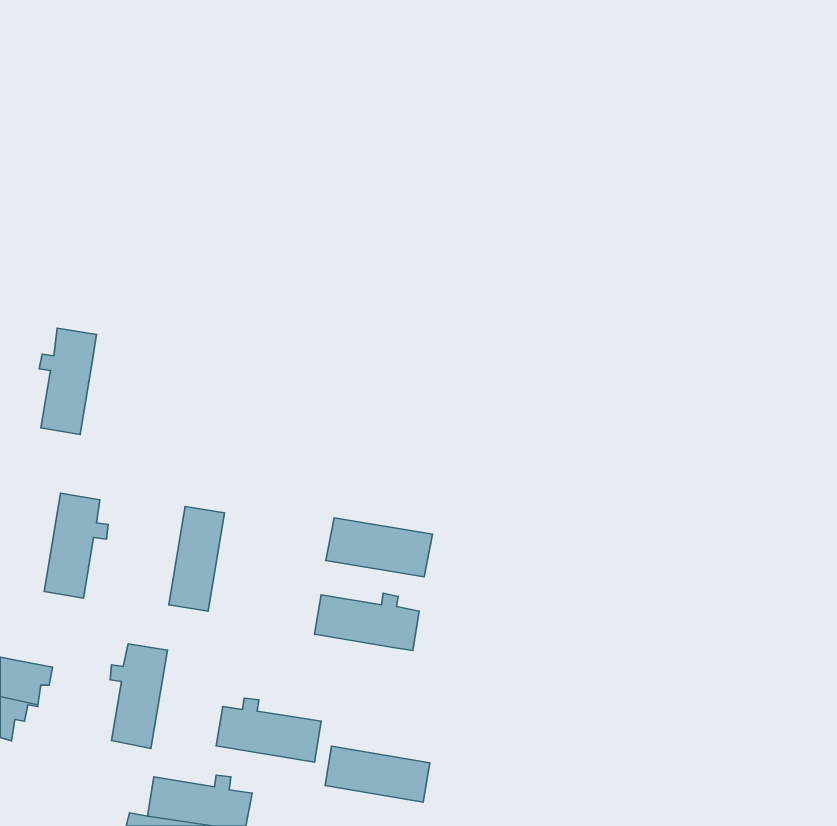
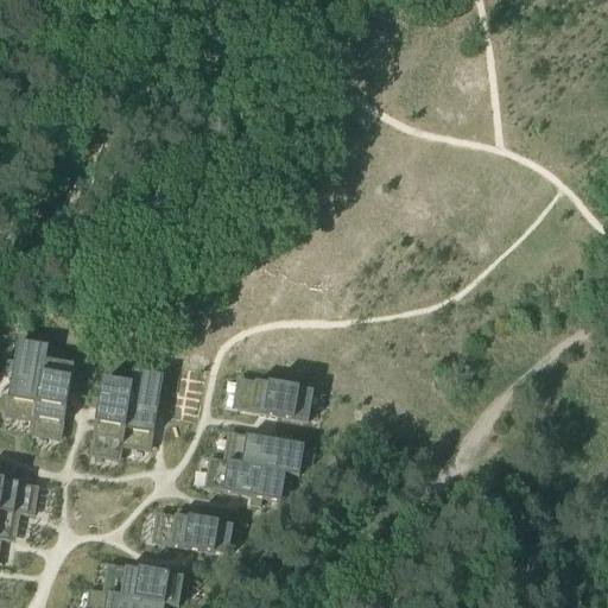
building: [39,328,96,435] -> [5,337,46,414]
building: [110,644,167,749] -> [90,376,132,452]
building: [325,746,430,802] -> [209,457,285,498]

